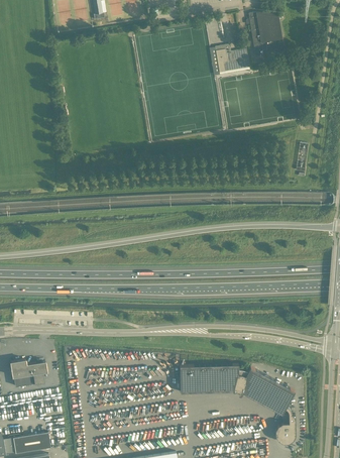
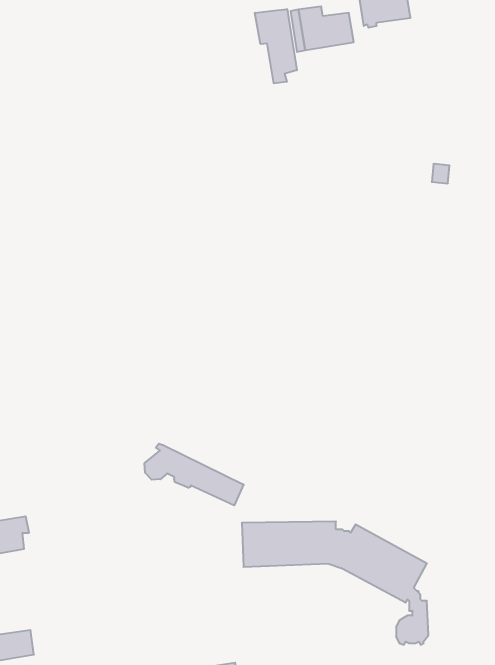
building: none -> [255,9,297,83]
building: none -> [145,444,244,505]

